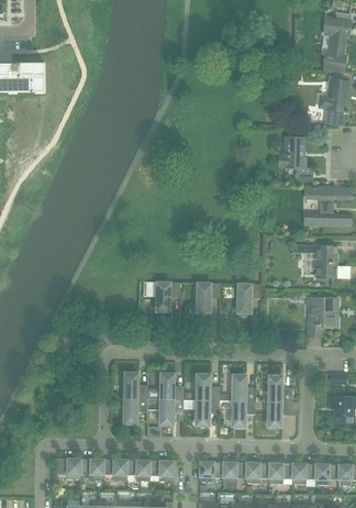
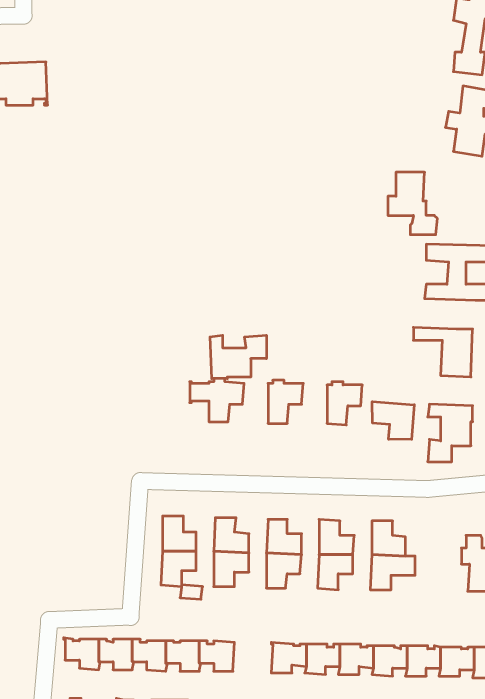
building: none -> [210,335,266,379]
building: none -> [372,402,414,439]

